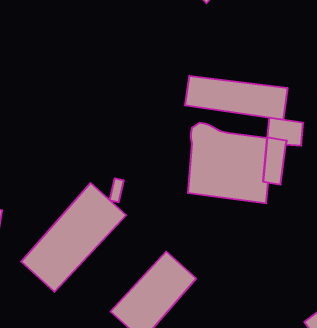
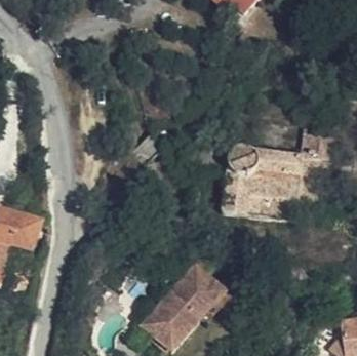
building: [185,76,287,120] -> none
building: [21,183,126,292] -> none

